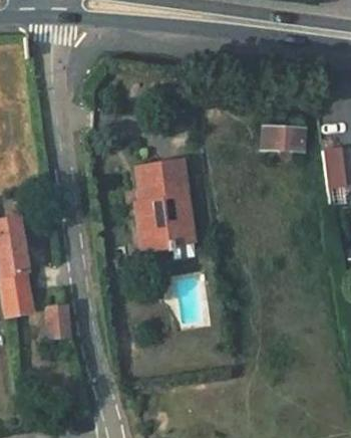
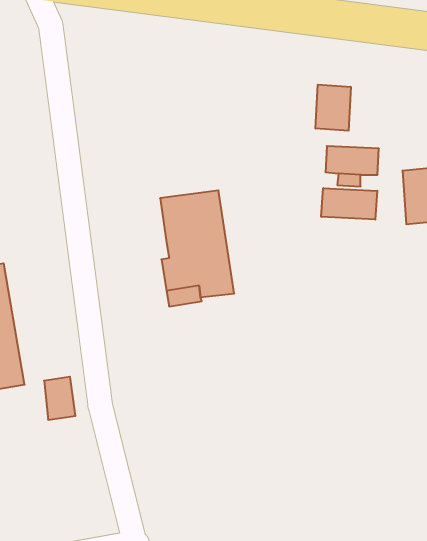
building: none -> [316,85,351,131]
building: none -> [321,188,377,220]

